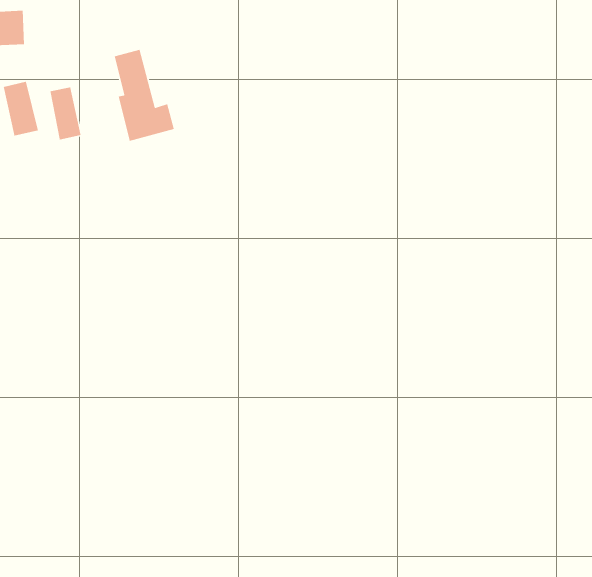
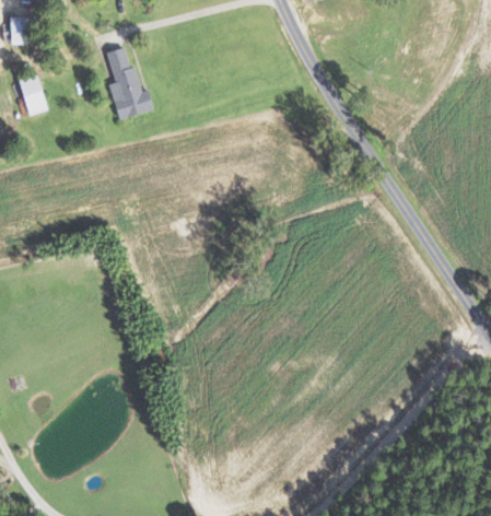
building: [49,86,82,140] -> none

